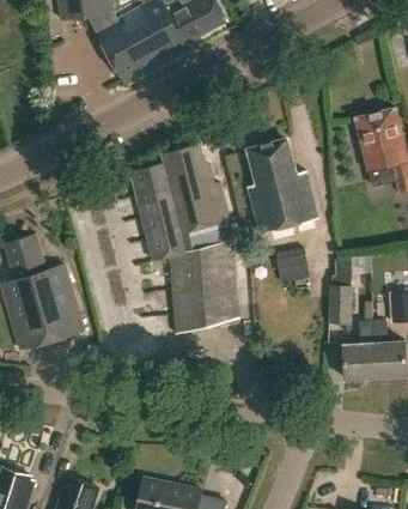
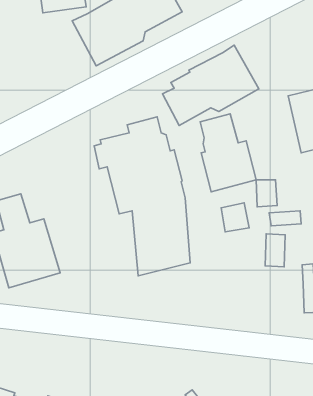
building: none -> [162,45,259,125]
building: none -> [256,180,277,207]
building: [343,321,374,380] -> none

